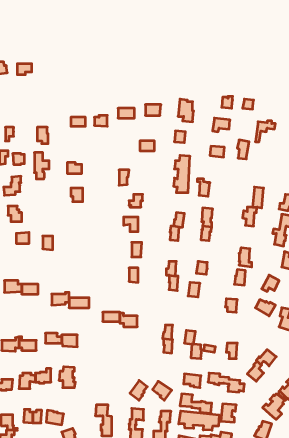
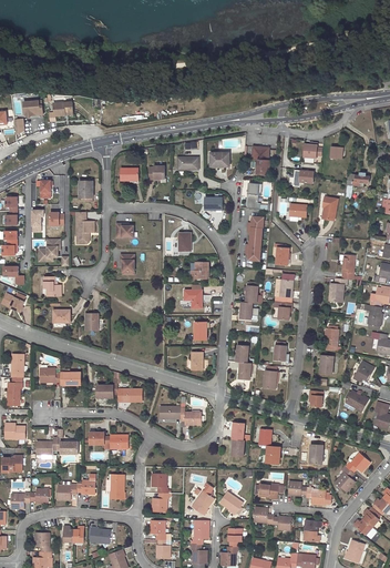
building: none -> [152,473,168,511]
building: [179,411,219,430] -> none

